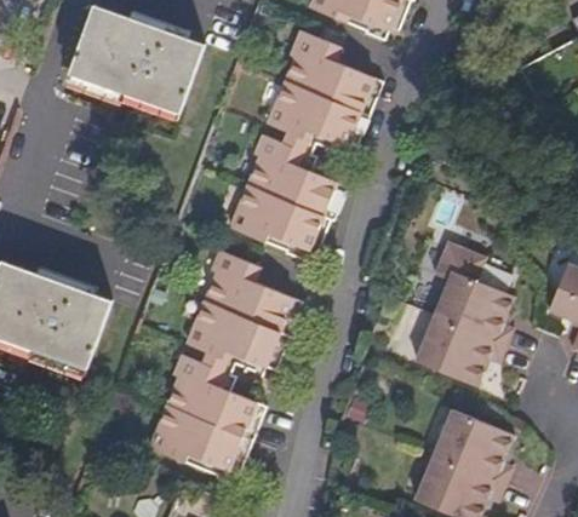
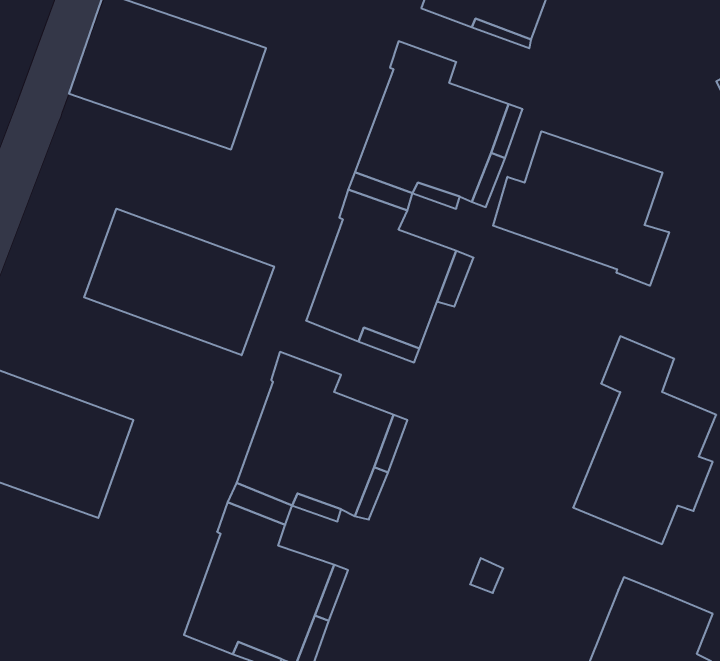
building: none -> [493,131,669,286]
building: none -> [84,209,274,355]

